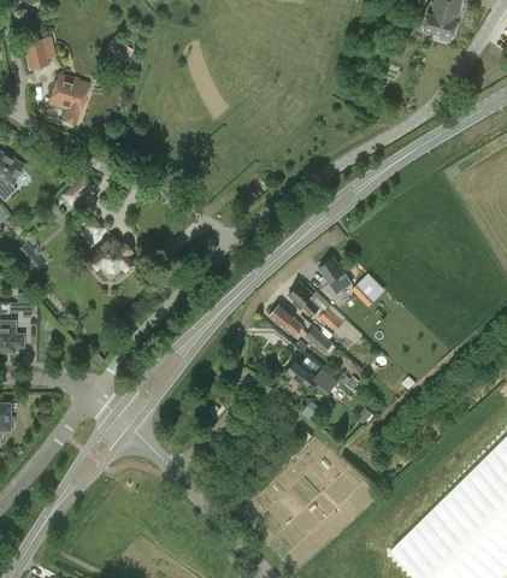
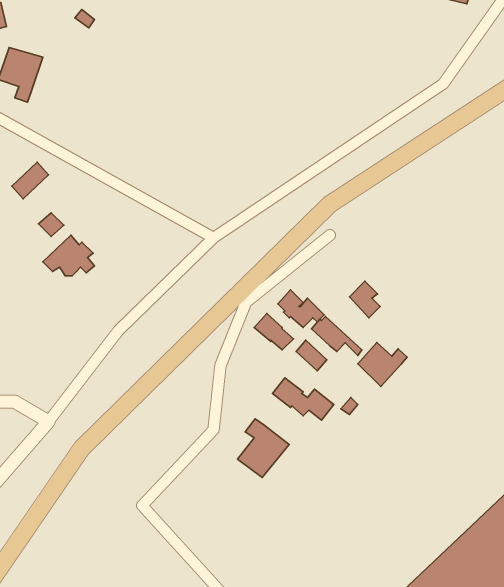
building: [319,256,350,291] -> none
building: none -> [358,342,407,386]
building: none -> [238,419,289,477]

